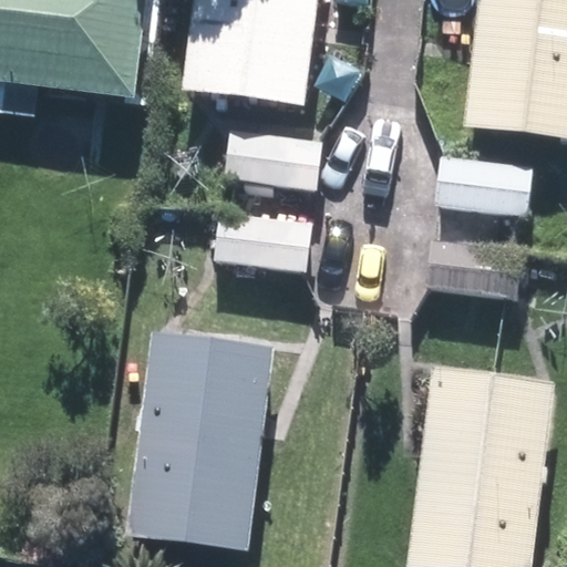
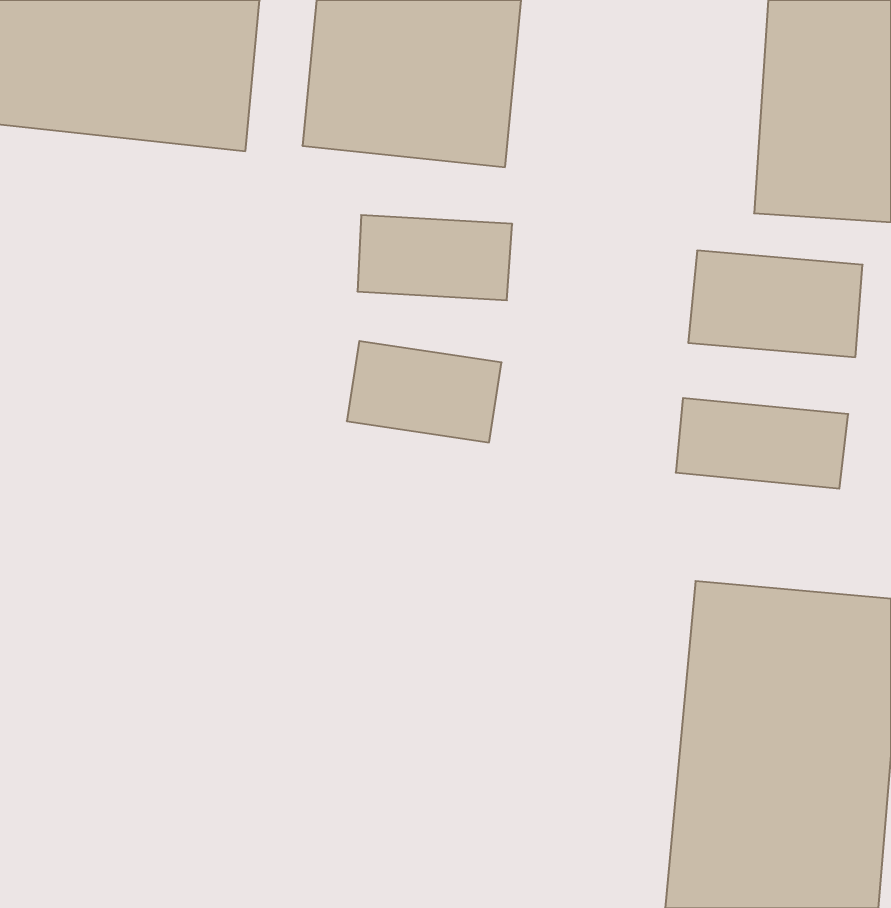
building: [121,331,258,549] -> none

